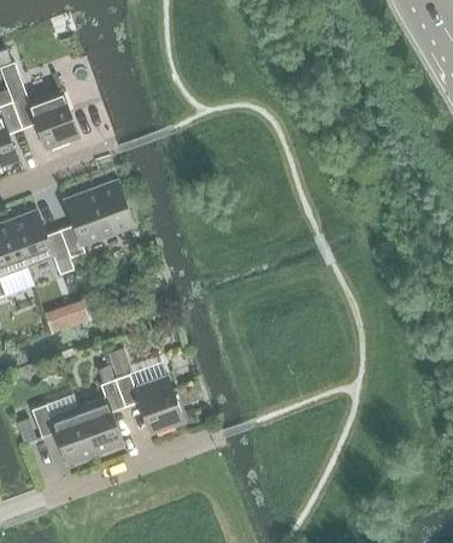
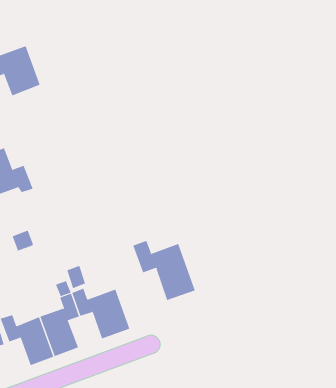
building: [59,179,134,258] -> none
building: none -> [133,240,195,301]

